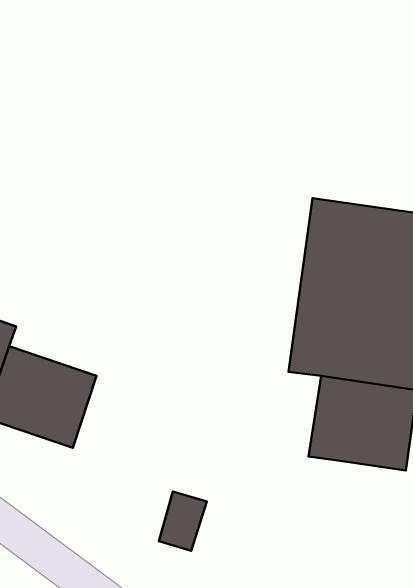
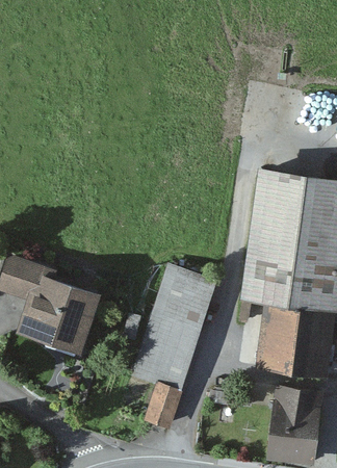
building: none -> [132,265,215,392]
building: none -> [266,366,328,456]

